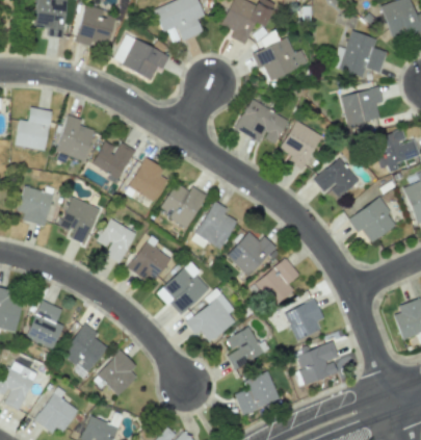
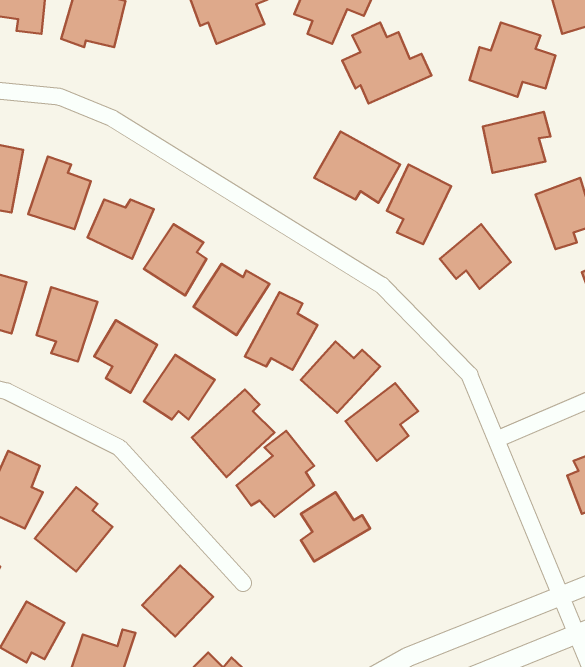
building: [113,33,170,79] -> none
building: [348,197,398,242] -> none
building: [285,299,323,339] -> none
building: [295,340,339,386] -> none
building: [97,350,141,394] -> [142,565,213,636]
building: [235,370,280,414] -> none

